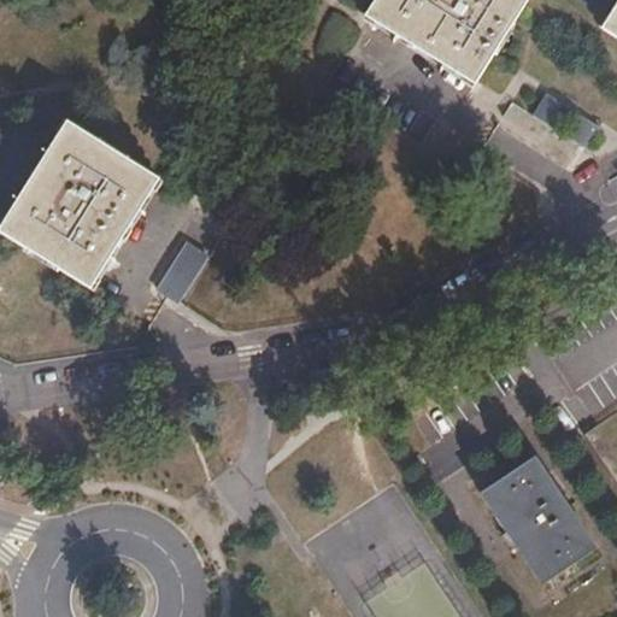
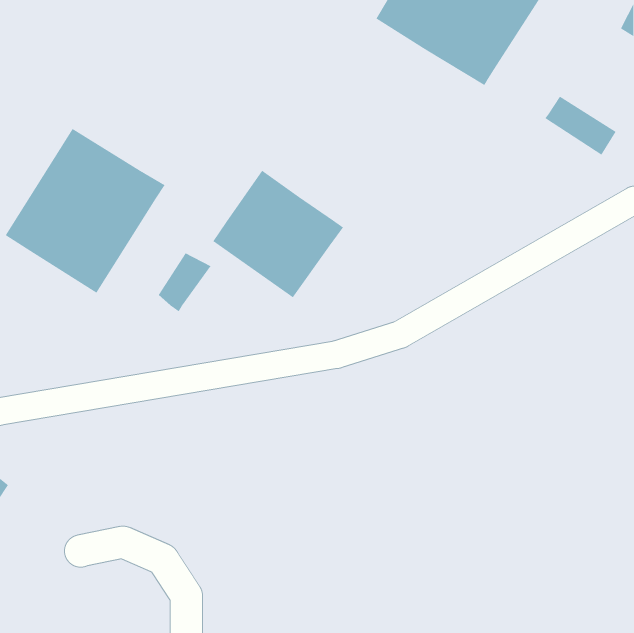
building: none -> [212,170,344,298]
building: [481,452,597,581] -> none

